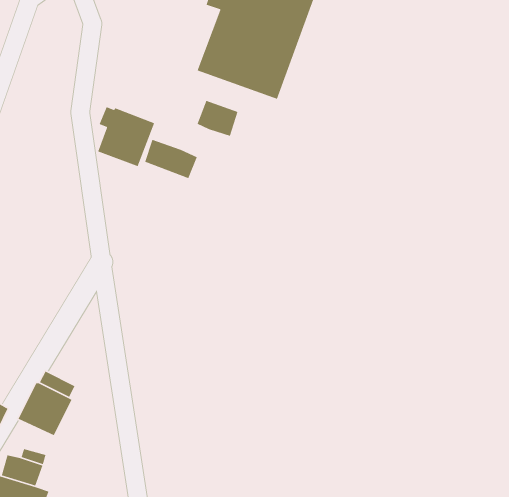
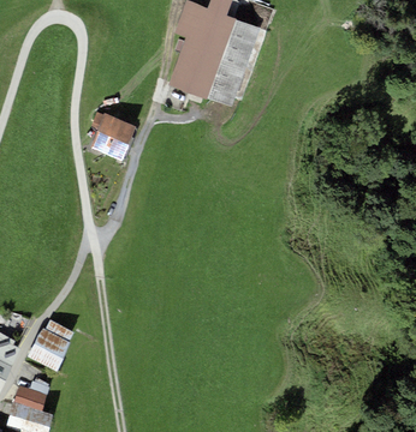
building: [197,100,238,137] -> none
building: [144,139,198,179] -> none

